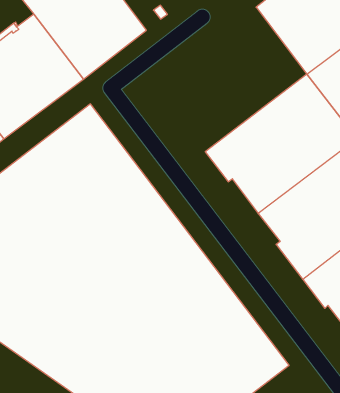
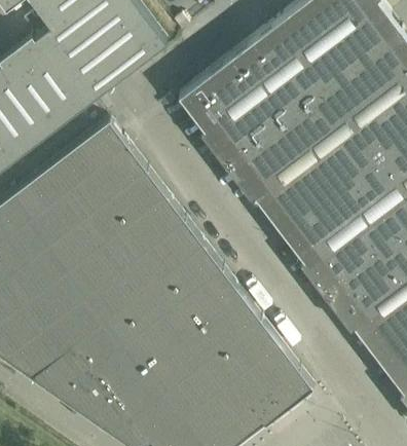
building: none -> [179,21,333,170]

